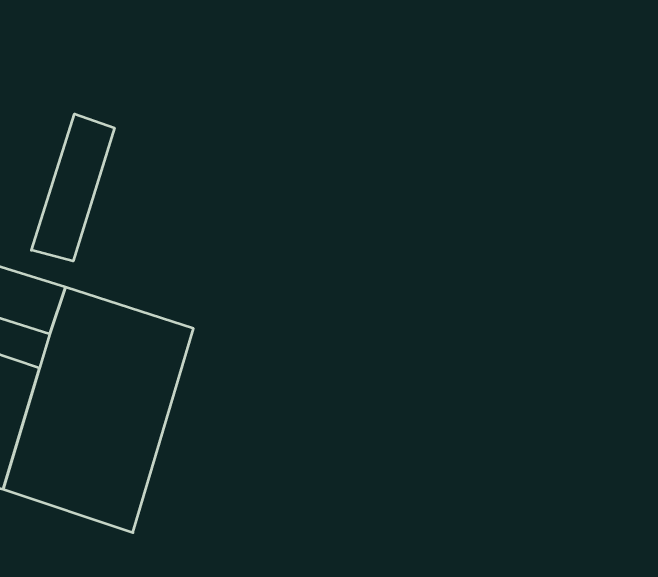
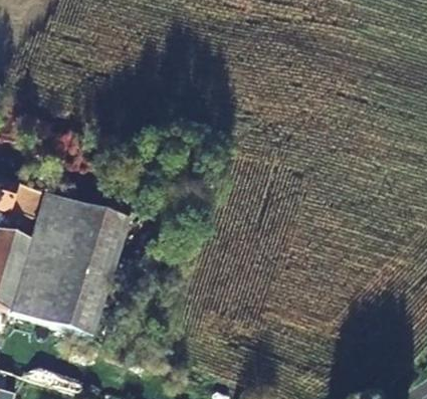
building: [31,114,114,261] -> none

